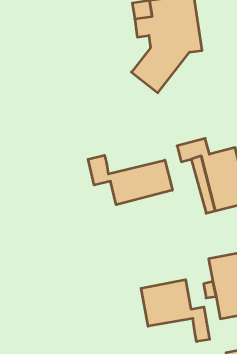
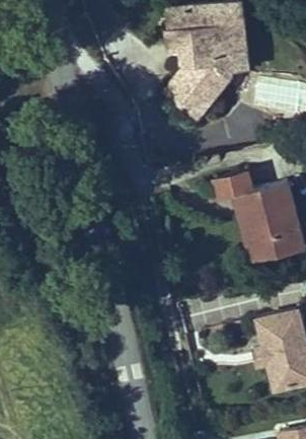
building: [88,155,172,205] -> none
building: [141,280,210,342] -> none

